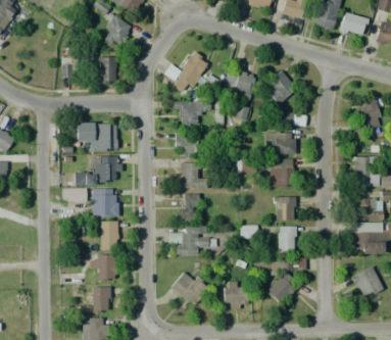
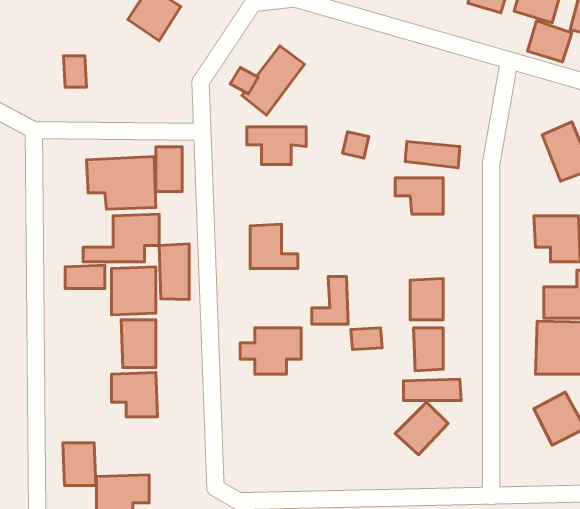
building: none -> [527,21,572,62]
building: [101,56,117,84] -> [156,147,182,191]
building: [226,67,256,99] -> none
building: [262,70,297,105] -> none
building: [176,132,198,156] -> none
building: [268,158,296,188] -> none
building: none -> [159,244,189,300]
building: [177,193,199,223] -> [312,276,348,324]
building: [172,269,210,306] -> none
building: [224,281,248,314] -> none
building: [91,286,111,312] -> [63,443,96,486]

